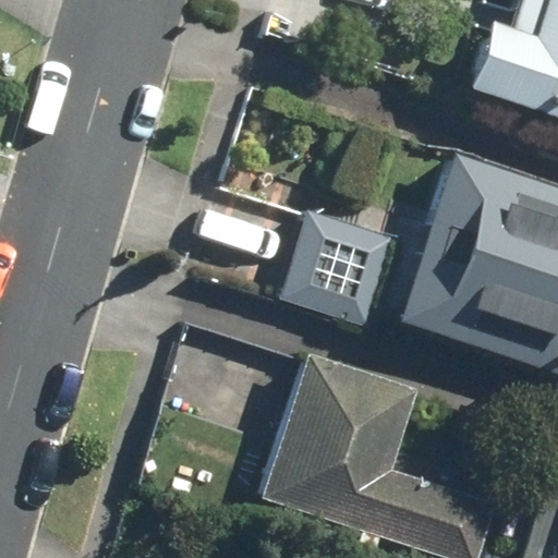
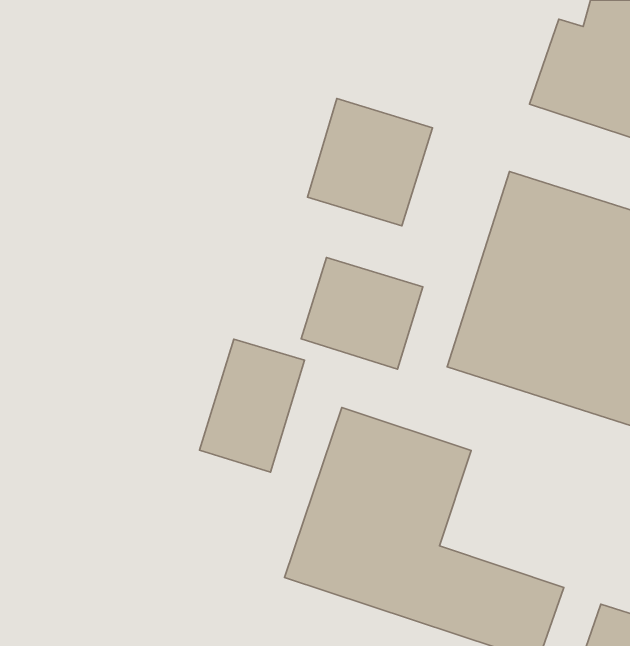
building: none -> [307,98,433,226]
building: none -> [199,339,304,472]

